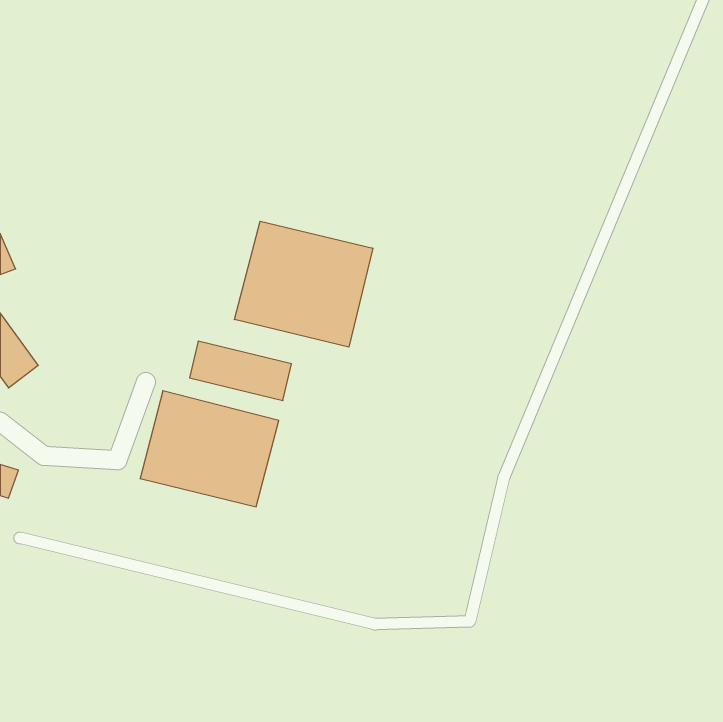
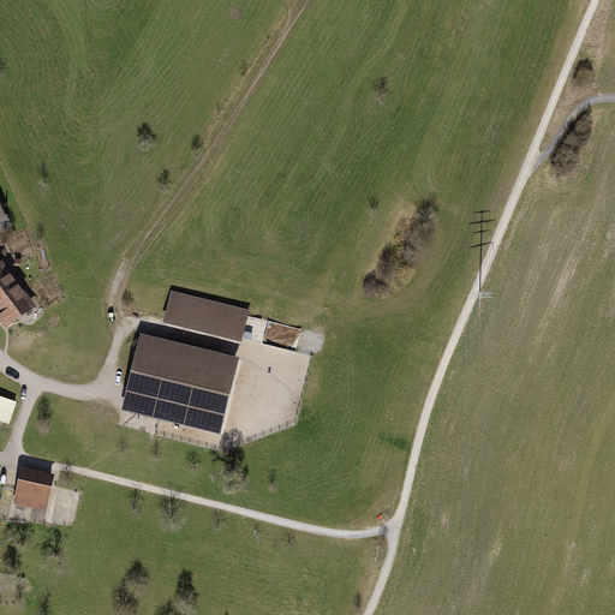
building: [234,221,373,347] -> none
building: none -> [14,473,55,512]

